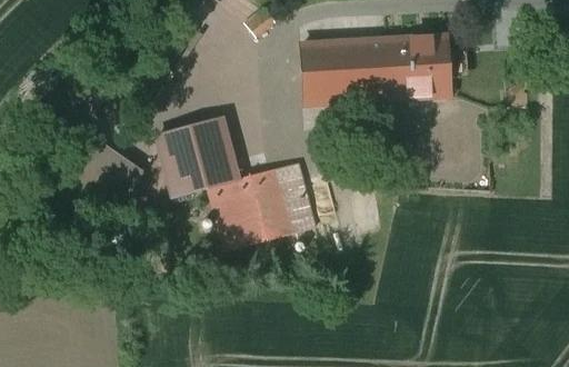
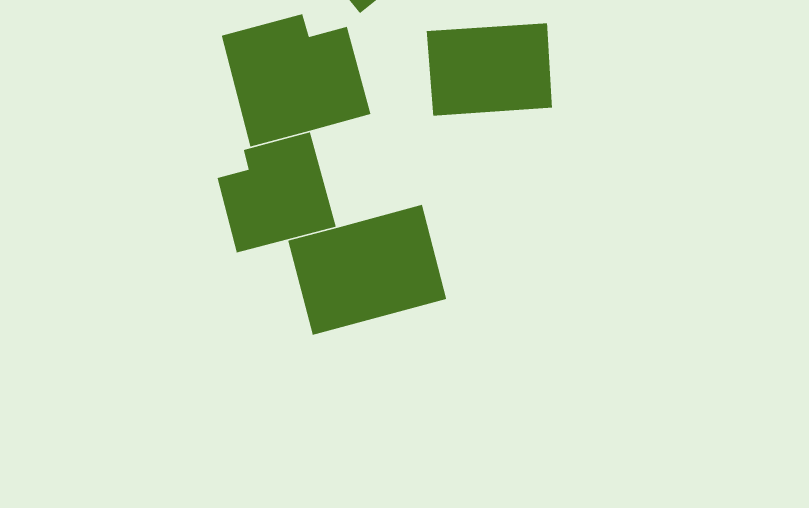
building: none -> [221,13,371,148]
building: [382,36,450,97] -> none

